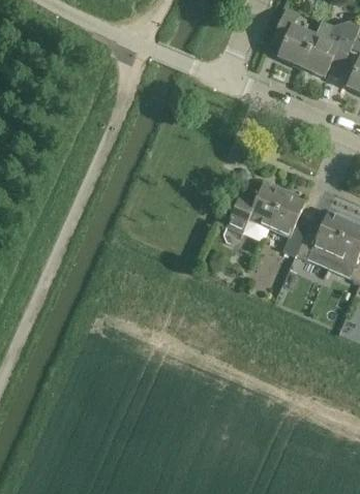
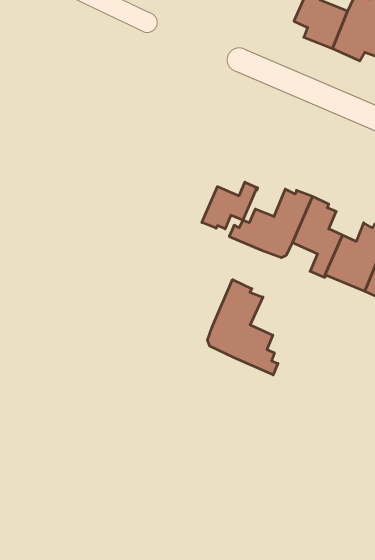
building: none -> [202,182,258,229]
building: none -> [207,280,278,375]

